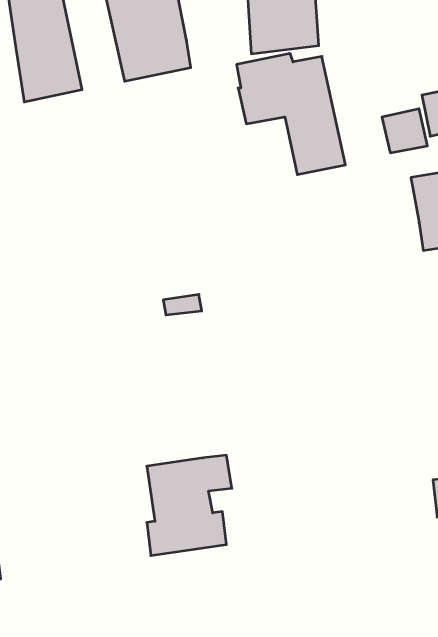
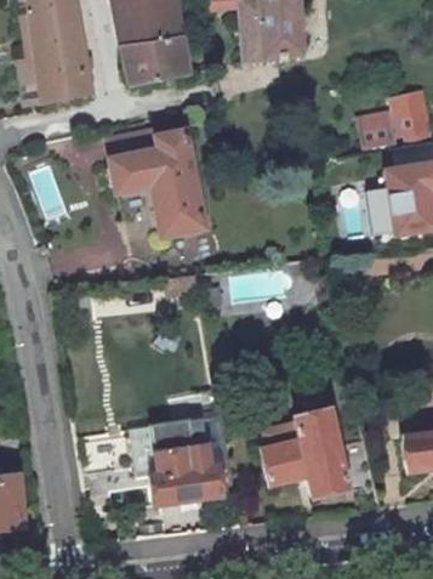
building: [237,54,345,175] -> [108,129,204,235]
building: none -> [261,410,347,495]

